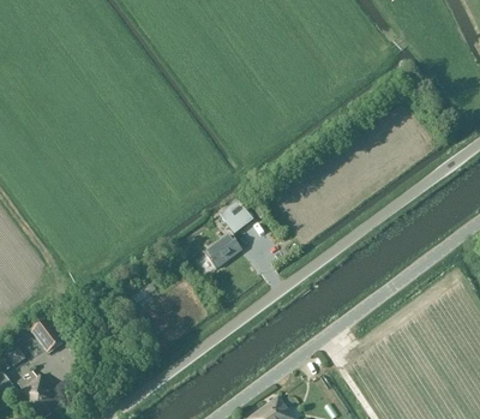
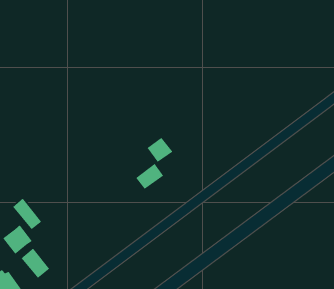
building: none -> [12,197,42,230]
building: none -> [21,248,50,279]

